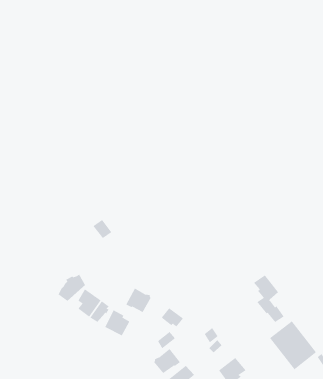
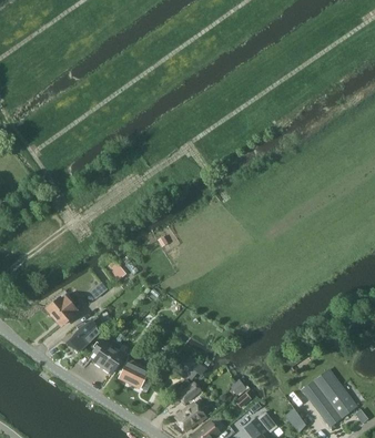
building: none -> [47,297,74,325]
building: [253,274,284,323] -> none
building: [125,287,151,313] -> none

